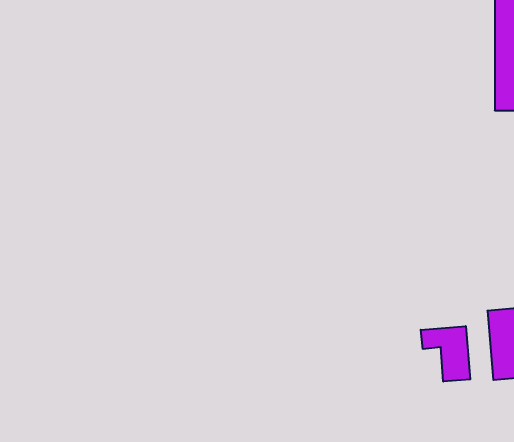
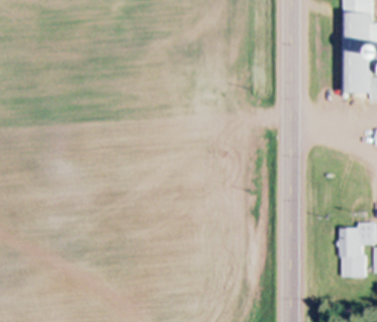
building: [421,326,470,382] -> none

